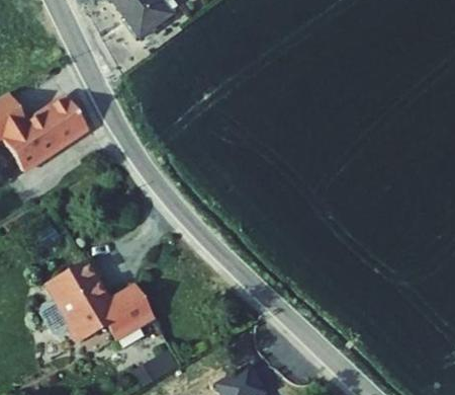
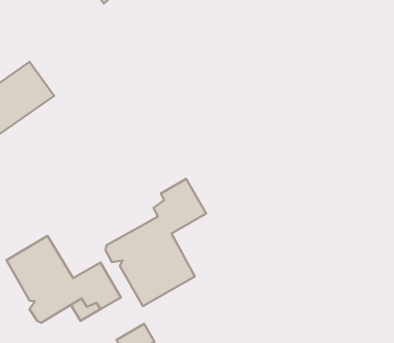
building: none -> [106,179,206,306]

